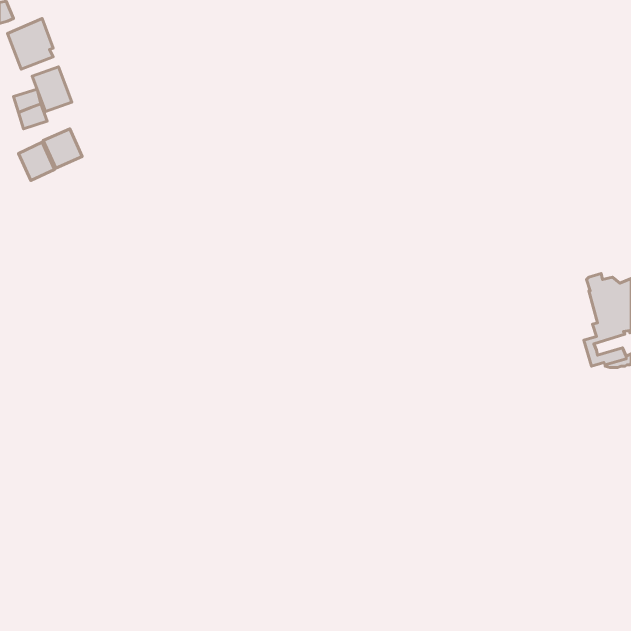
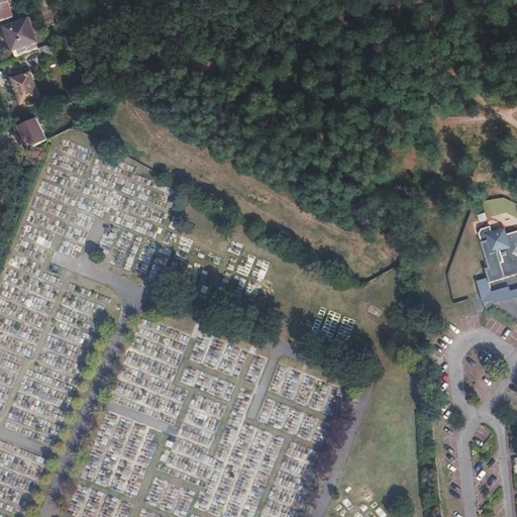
building: [32,67,72,111] -> none
building: [43,129,82,168] -> none

